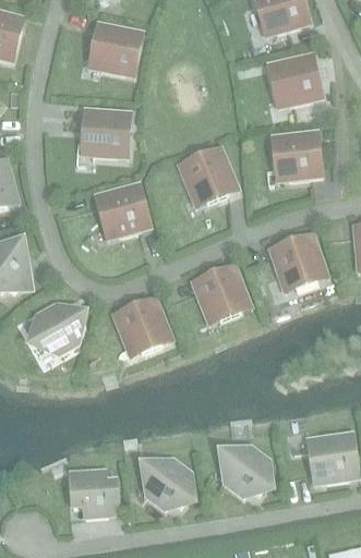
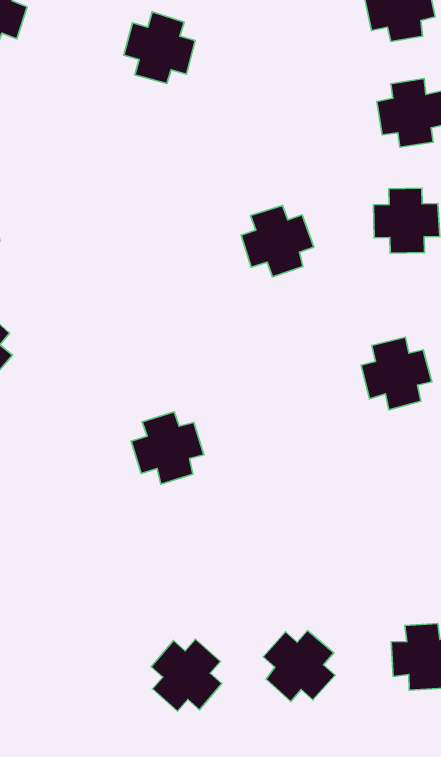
building: [82,109,129,156] -> none
building: [97,185,147,235] -> none
building: [196,268,246,319] -> none
building: [32,303,83,354] -> none
building: [71,470,118,517] -> none

